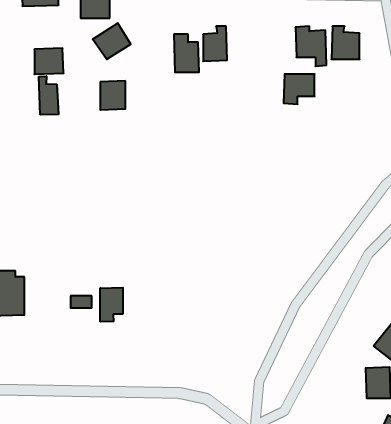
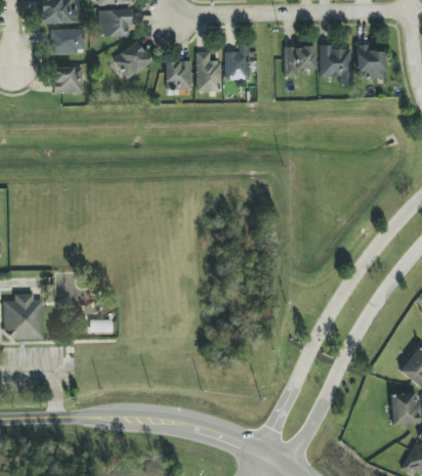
building: none -> [51,29,85,53]
building: [284,74,315,104] -> [284,46,315,77]
building: [39,76,58,115] -> none
building: [100,81,125,110] -> [166,60,192,90]
building: [100,288,123,322] -> none

